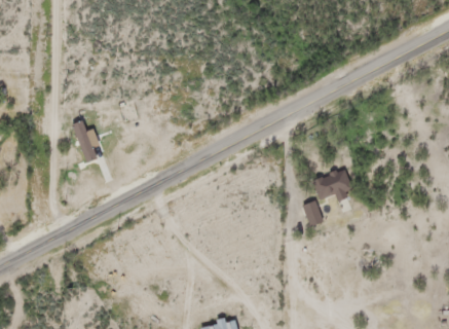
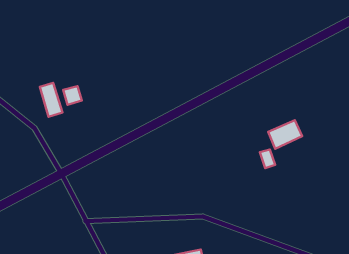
building: none -> [40,83,62,117]

